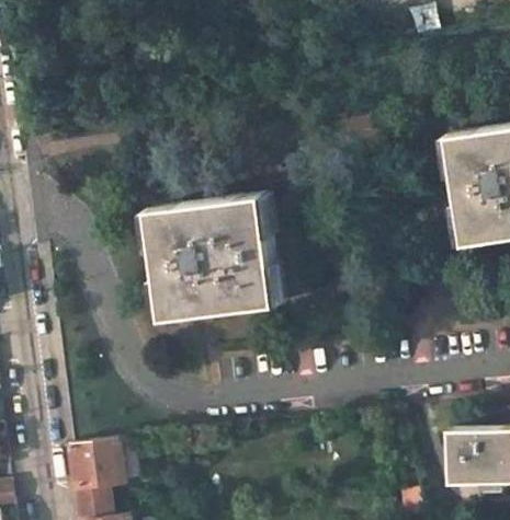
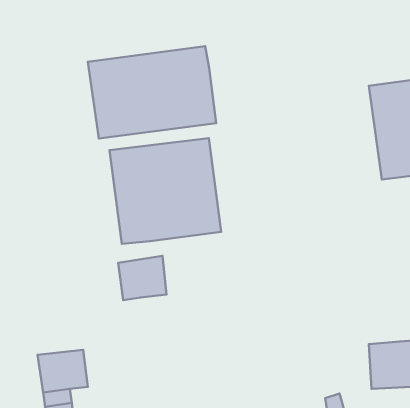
building: none -> [88,46,216,139]
building: none -> [118,256,167,300]

